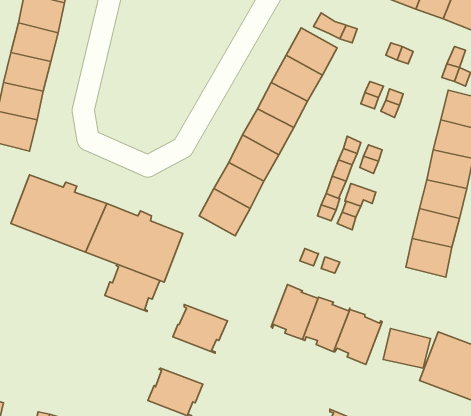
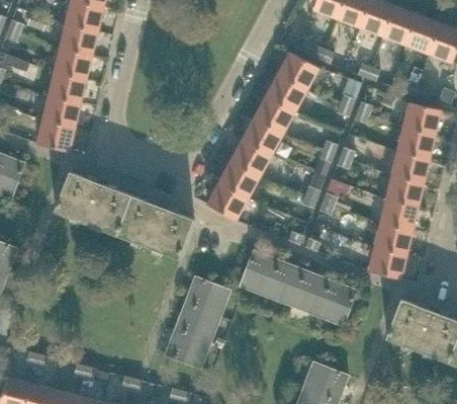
building: [105,264,160,312] -> [175,303,219,341]
building: none -> [240,250,278,295]
building: [383,328,430,368] -> [368,246,406,278]

